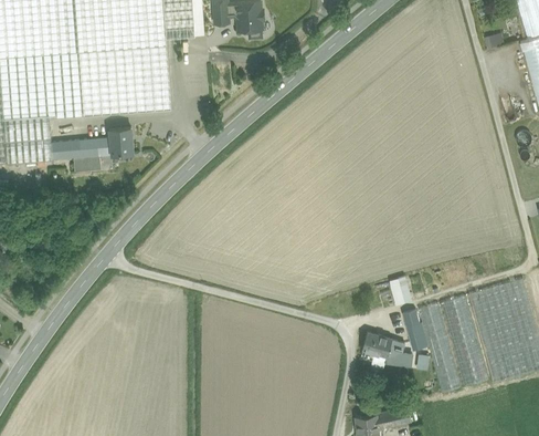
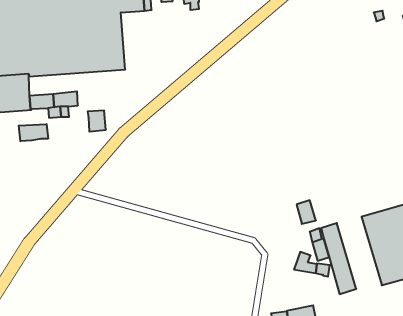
building: [109,129,133,156] -> [88,111,106,132]
building: none -> [19,124,48,141]
building: [441,297,488,386] -> none
building: [362,333,391,368] -> none

